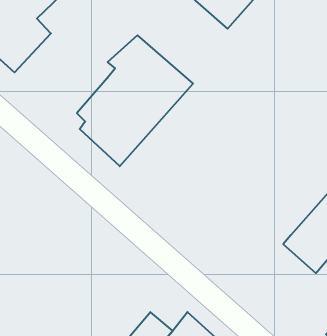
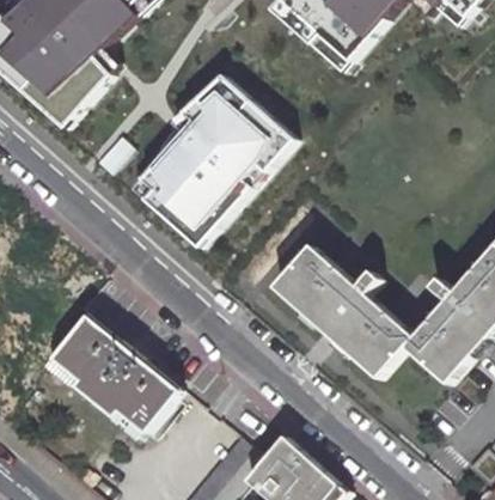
building: none -> [274,245,416,378]
building: none -> [49,311,177,431]

